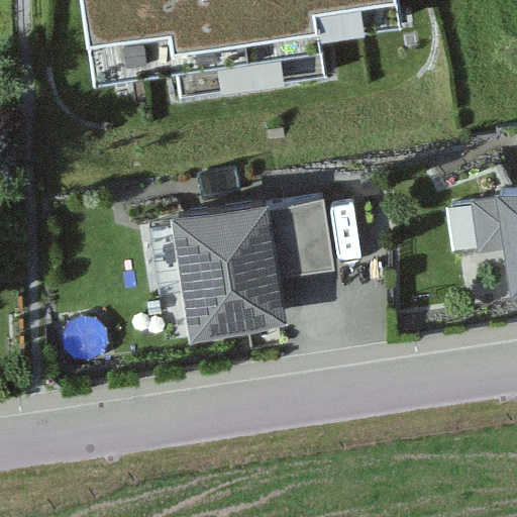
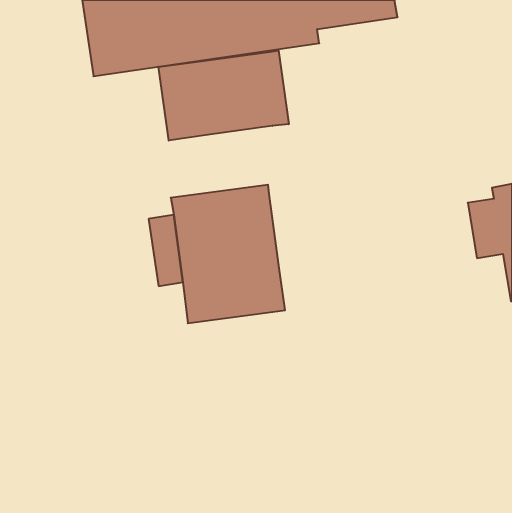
building: none -> [158,50,289,141]
building: [271,188,334,270] -> none

